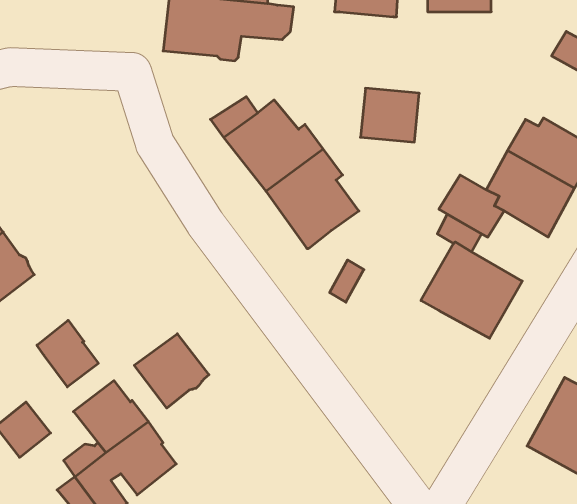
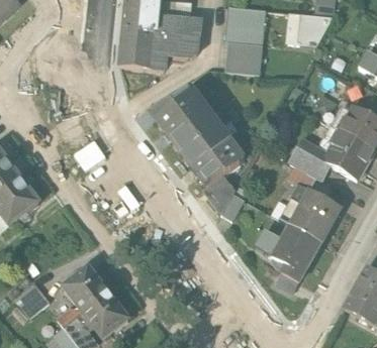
building: [360,88,419,142] -> [225,39,262,73]
building: none -> [204,175,234,213]
building: none -> [258,224,321,280]
building: [37,320,98,387] -> none
building: [134,334,209,408] -> none

